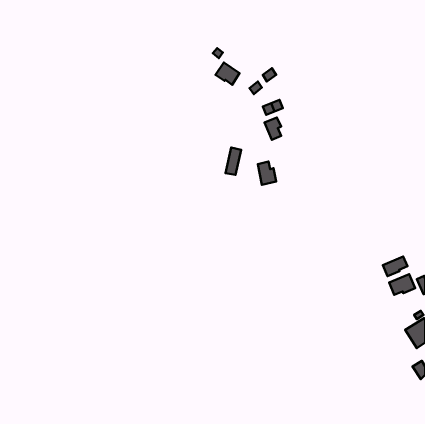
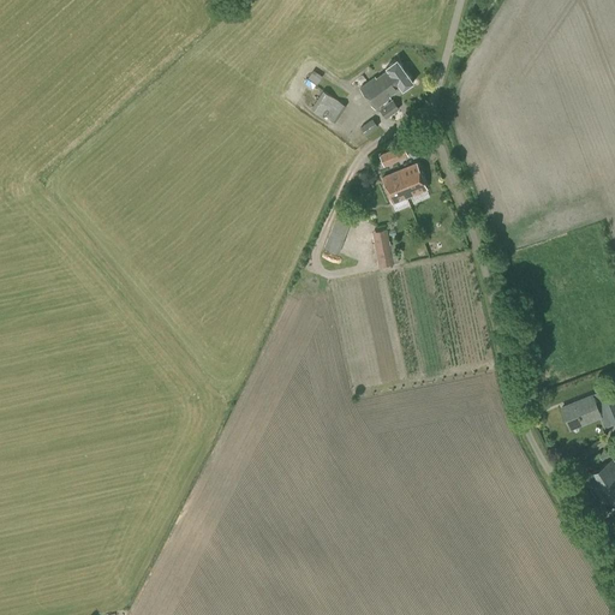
building: none -> [359,61,413,112]
building: none -> [400,165,426,198]
building: [383,257,407,276] -> none

